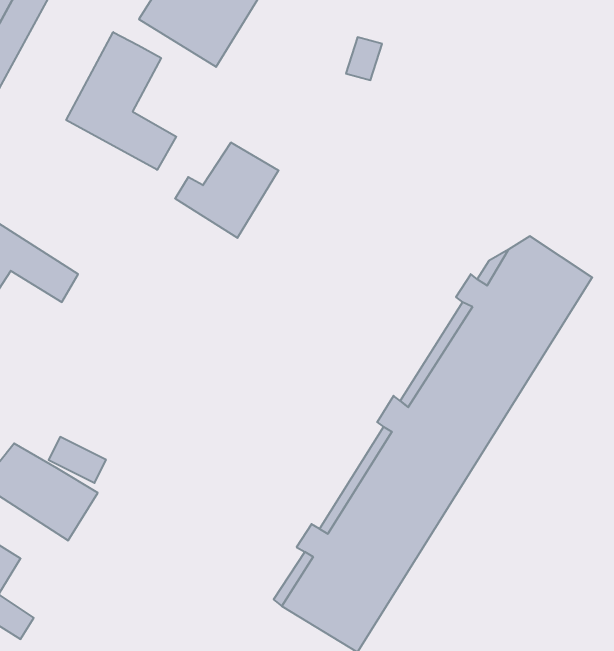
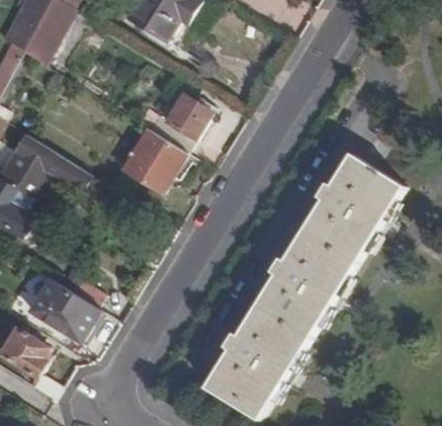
building: [66,32,176,170] -> none
building: none -> [123,130,187,194]

